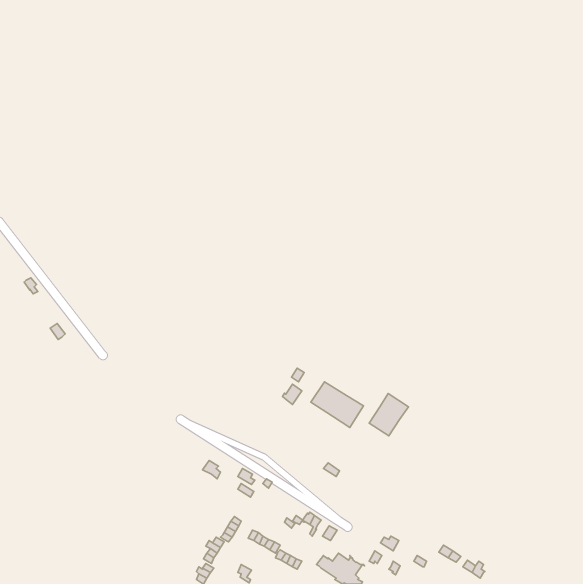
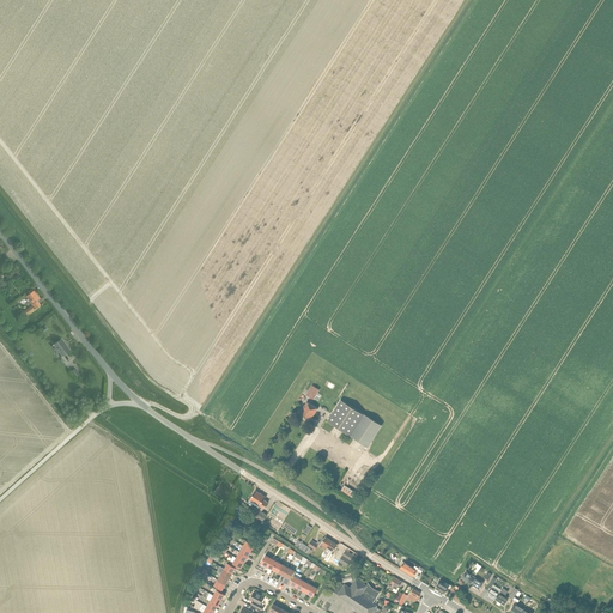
building: [369,394,408,436] -> none

